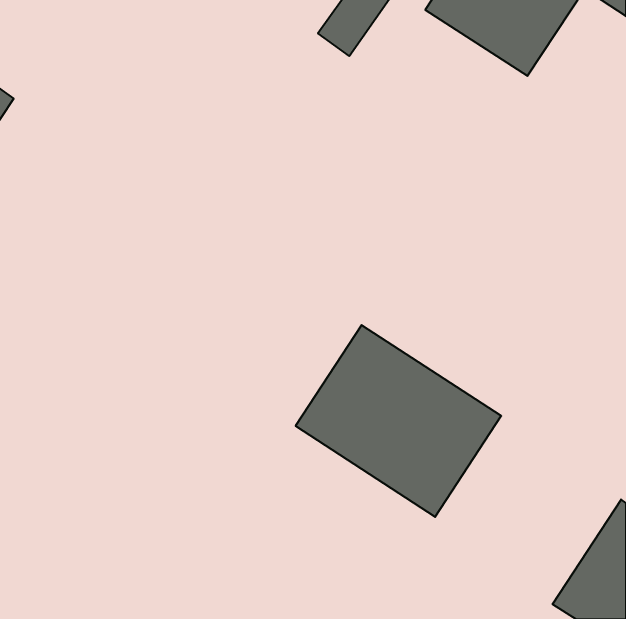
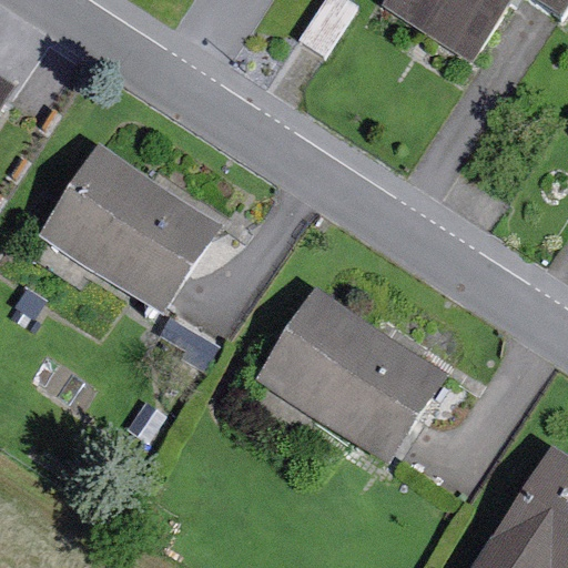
building: none -> [39,145,215,311]

